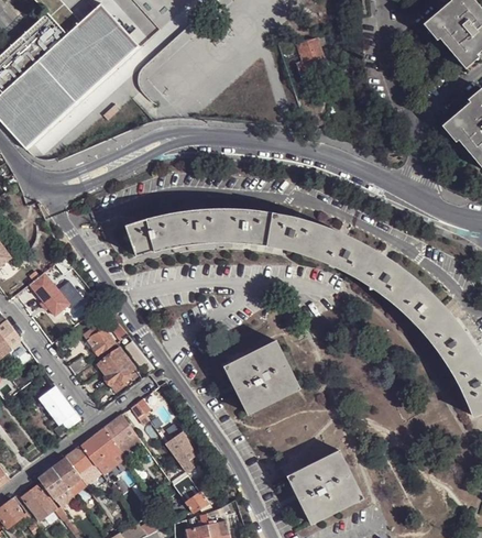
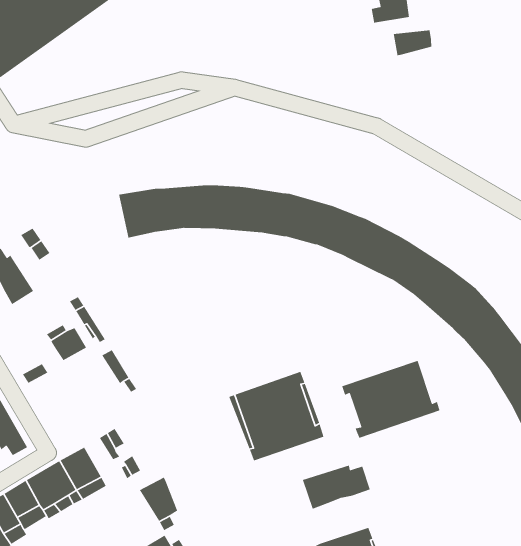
building: none -> [393,29,432,56]
building: none -> [341,360,441,439]
building: [98,347,133,391] -> none
building: none -> [302,465,371,510]

